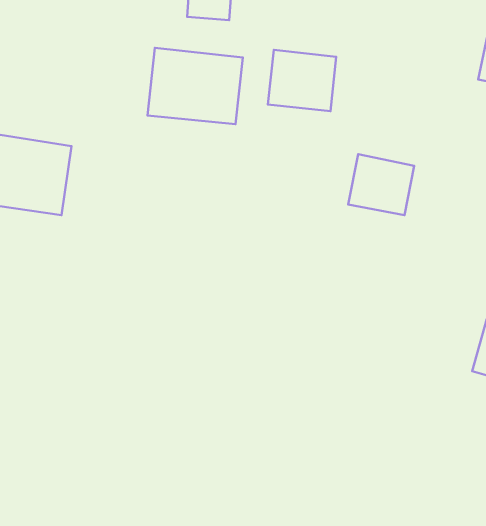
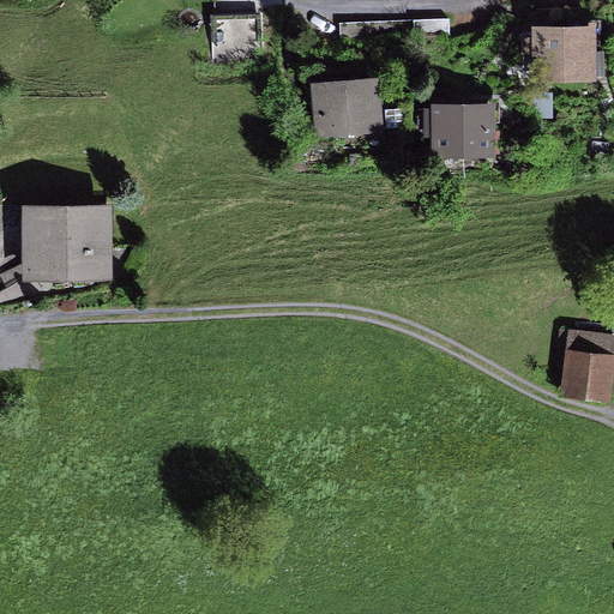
building: [148,48,243,124] -> none
building: [348,154,414,215] -> [429,102,493,159]

